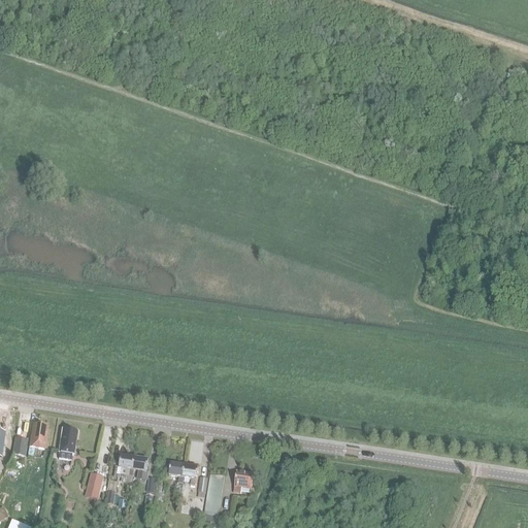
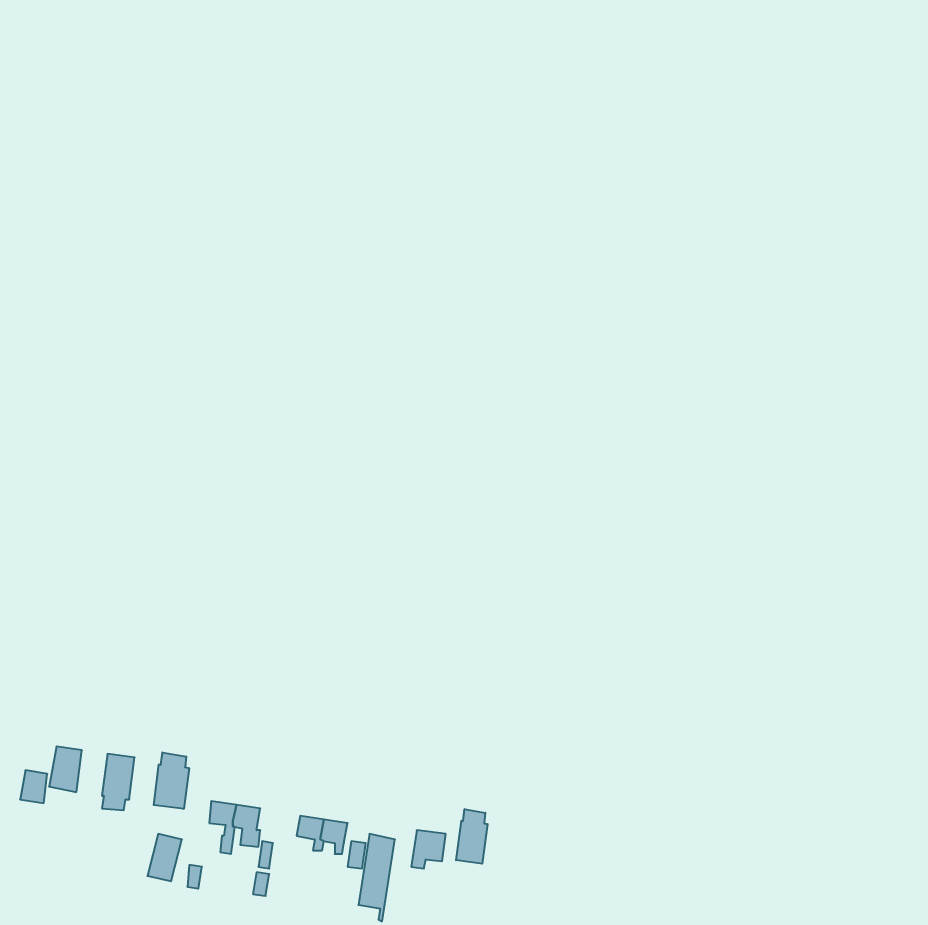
building: none -> [154,752,189,809]
building: none -> [456,809,488,864]

